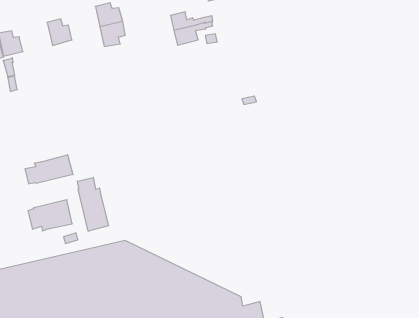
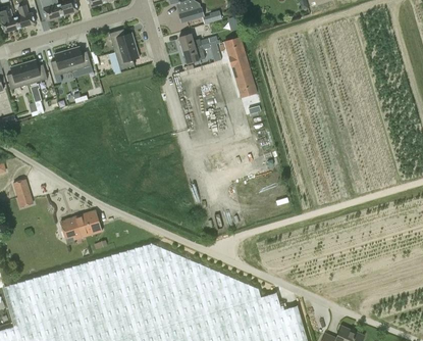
building: none -> [224,37,257,98]
building: none -> [51,51,72,83]
building: [25,155,73,184] -> none
building: [77,177,108,231] -> none

